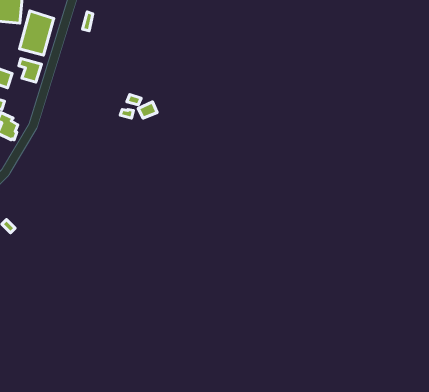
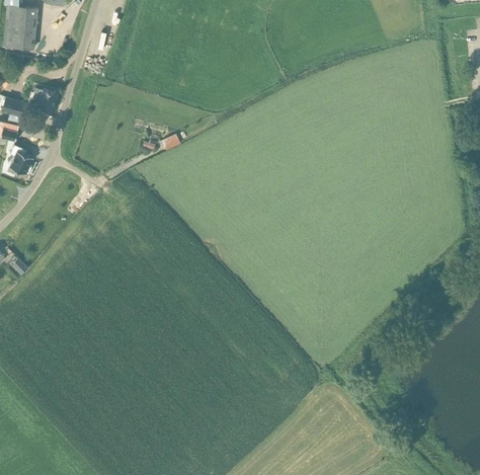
building: [19,11,54,55] -> none

